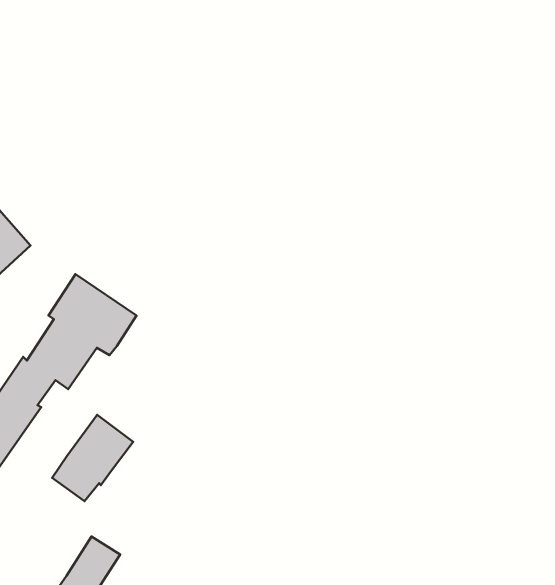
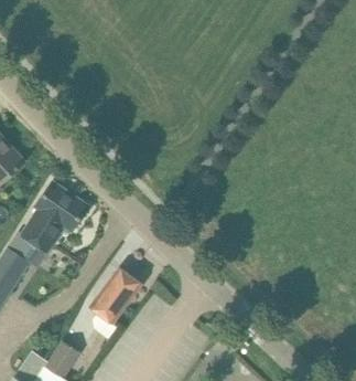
building: [52,415,133,501] -> [90,267,140,320]

